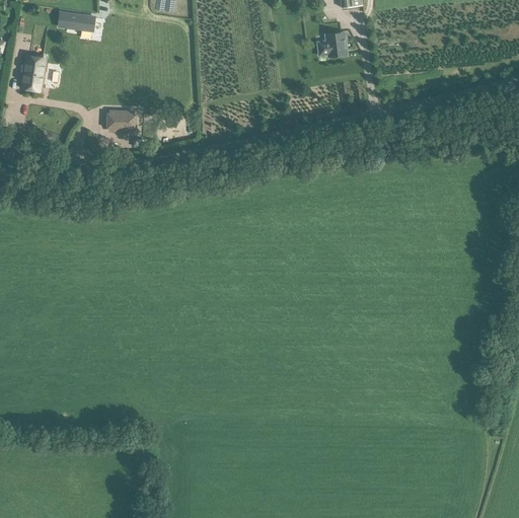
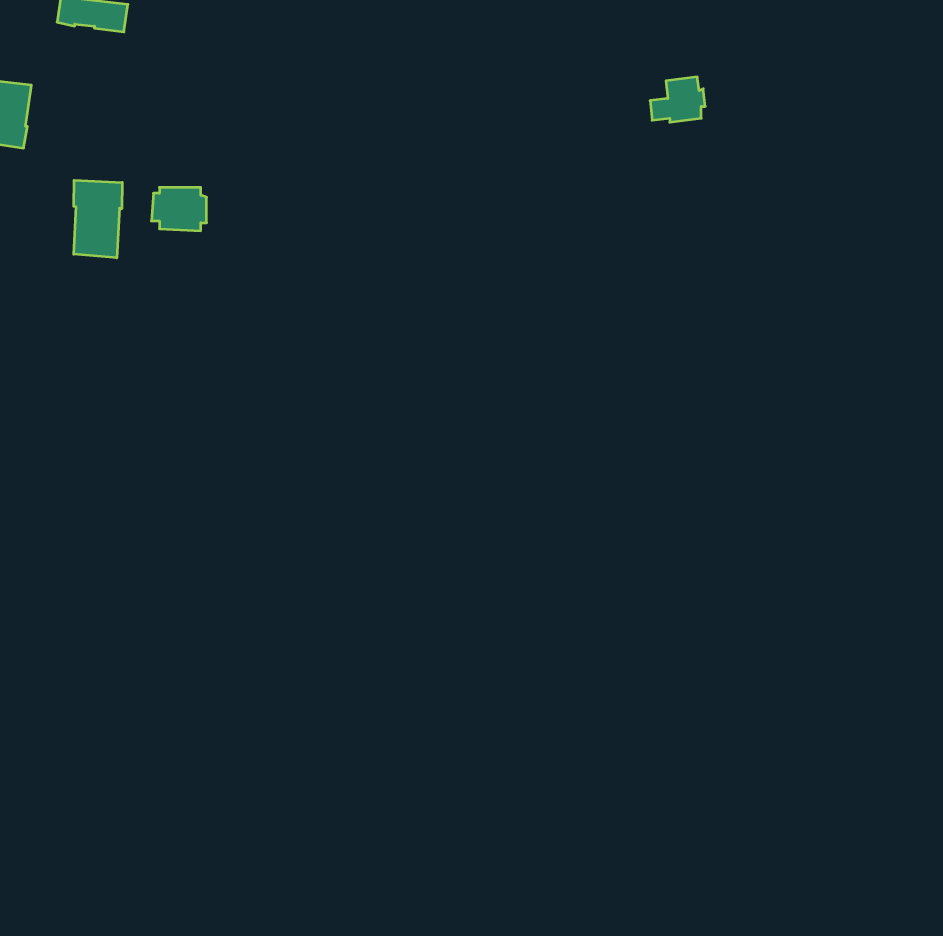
building: [317,32,346,56] -> [650,77,705,122]
building: none -> [74,180,122,258]

